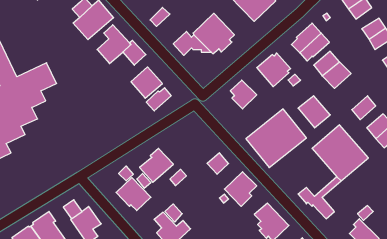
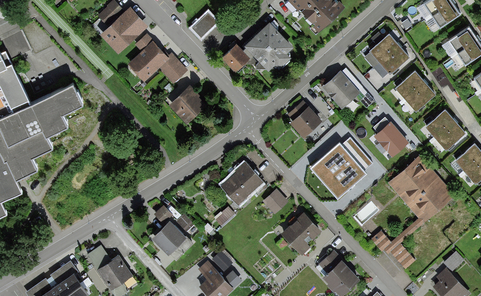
building: none -> [425,109,455,138]
building: [146,88,171,111] -> none
building: [140,148,173,182] -> [222,163,263,204]

